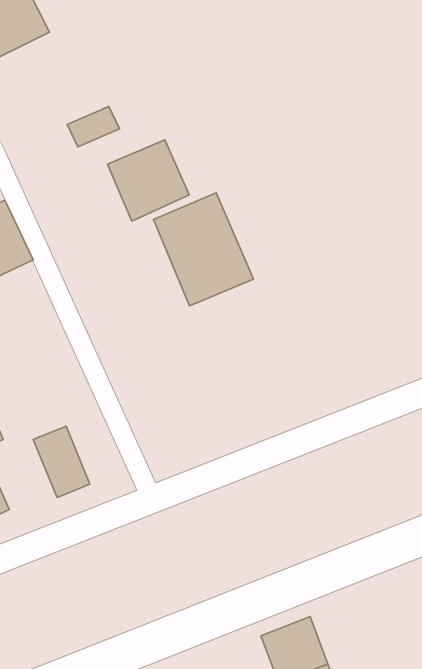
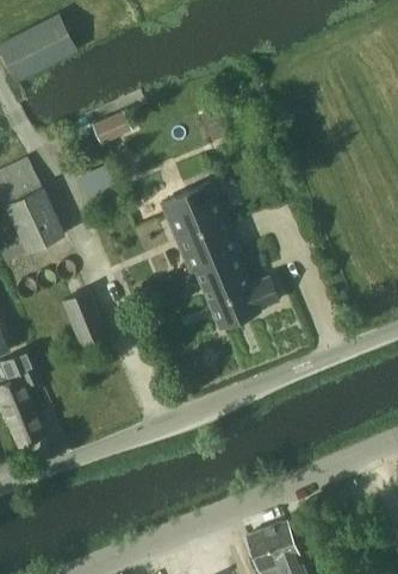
building: [107,140,189,221] -> none
building: none -> [194,254,276,327]
building: [33,426,90,497] -> [61,291,106,348]

